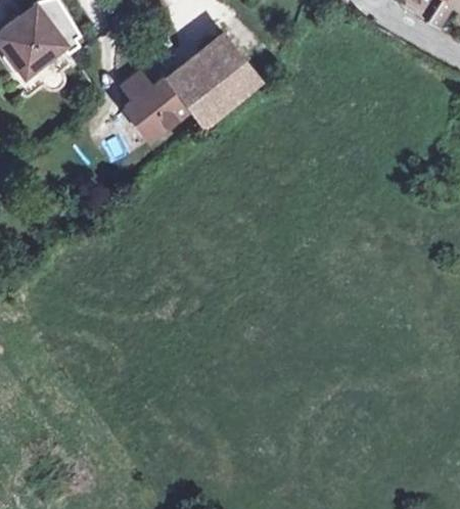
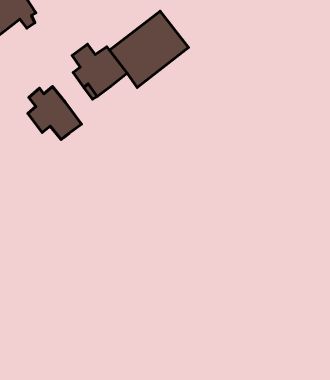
building: none -> [28,86,82,140]

